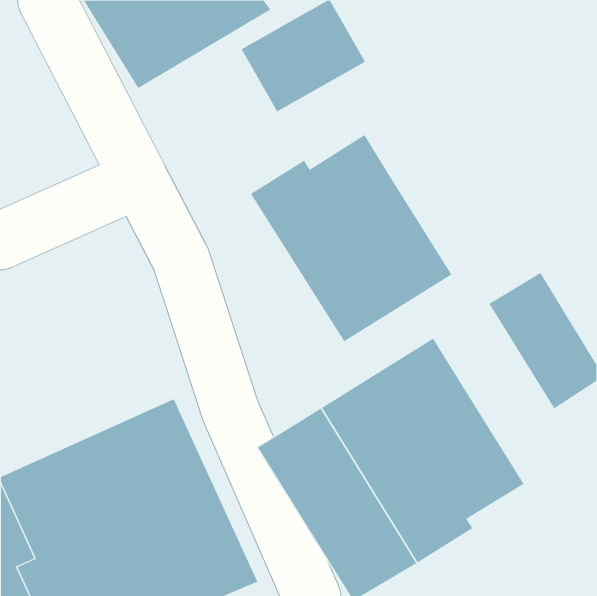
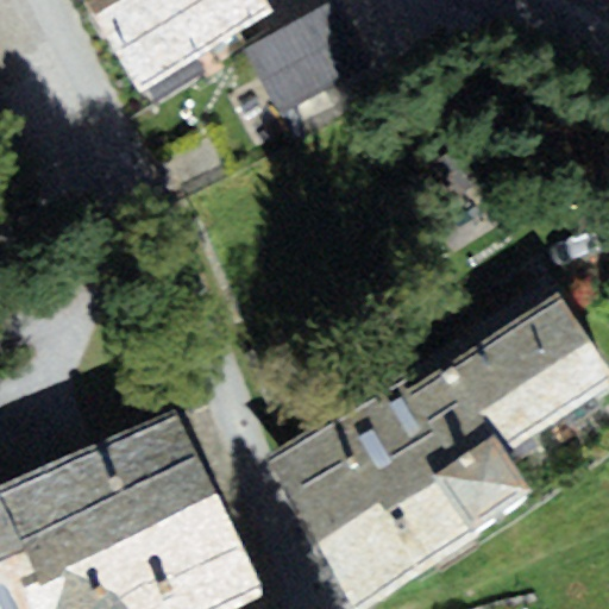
building: [250,134,452,342] -> none
building: none -> [441,310,564,452]

